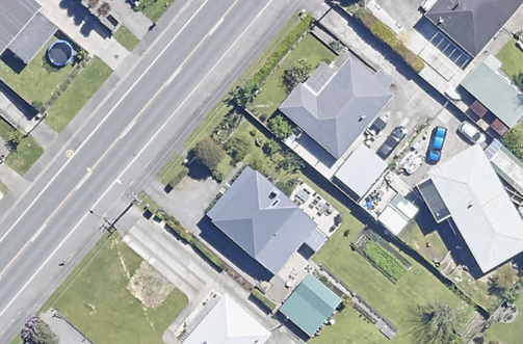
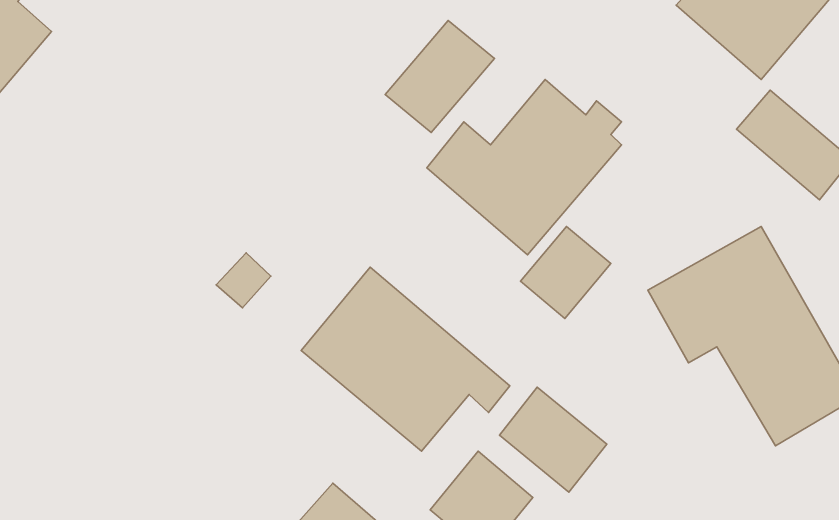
building: none -> [385,21,494,132]
building: none -> [499,387,607,492]

